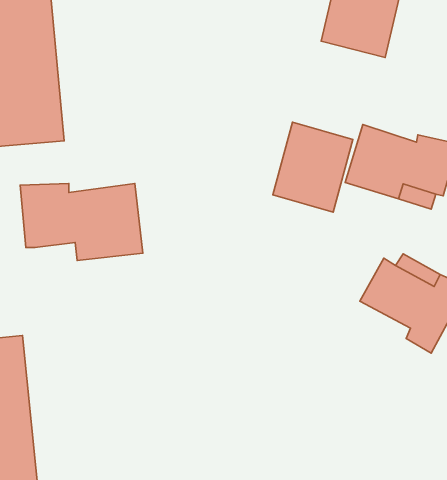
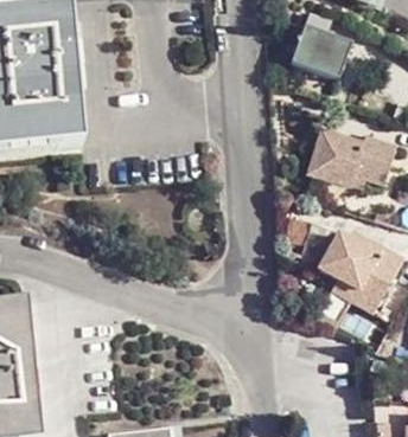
building: [273,122,353,212] -> none
building: [20,183,143,260] -> none

